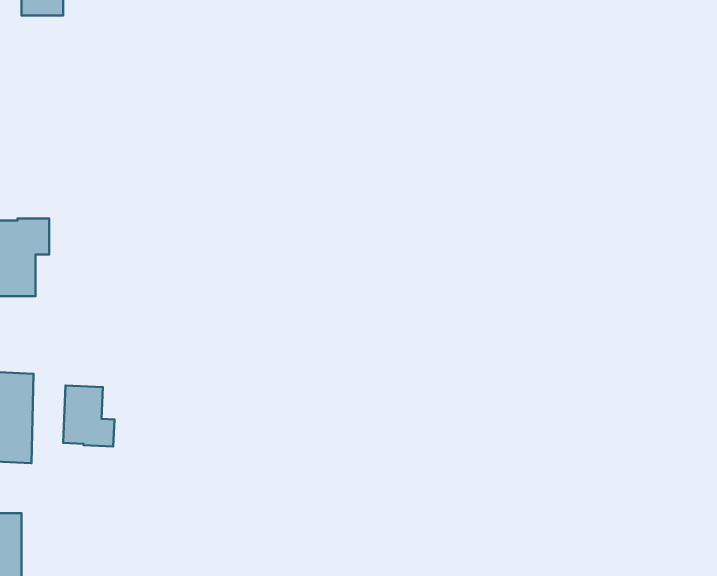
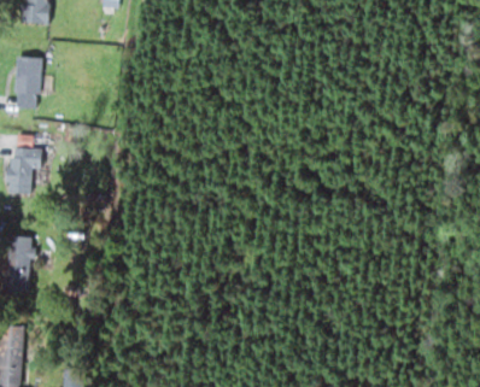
building: none -> [17,57,40,109]
building: [63,385,114,447] -> none

